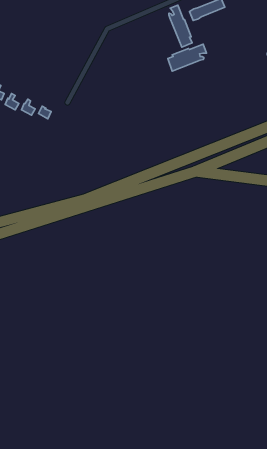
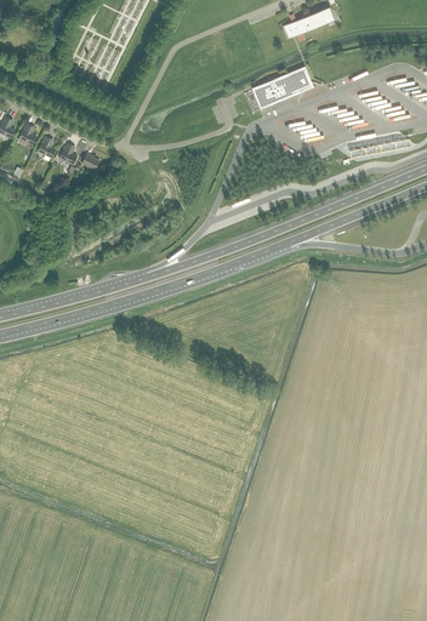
building: [169,5,192,47] -> none

